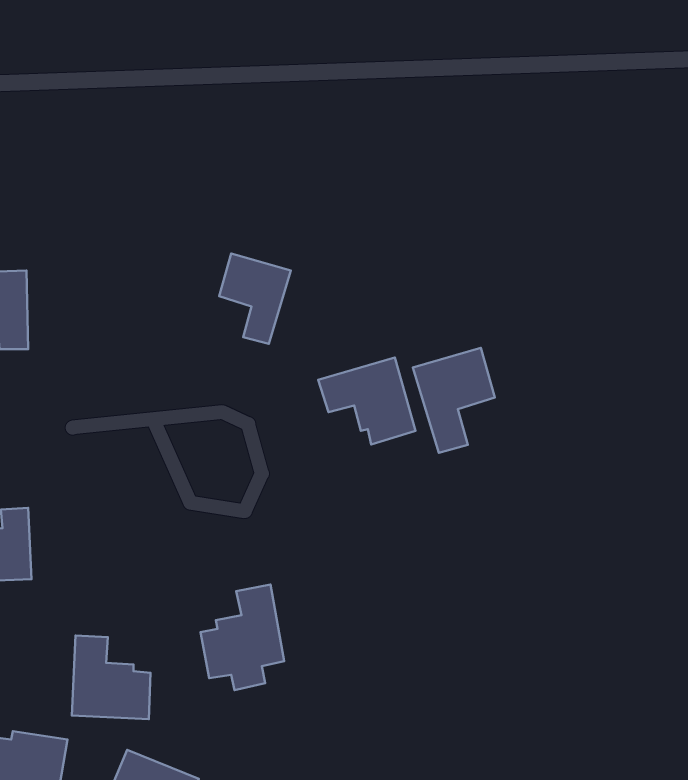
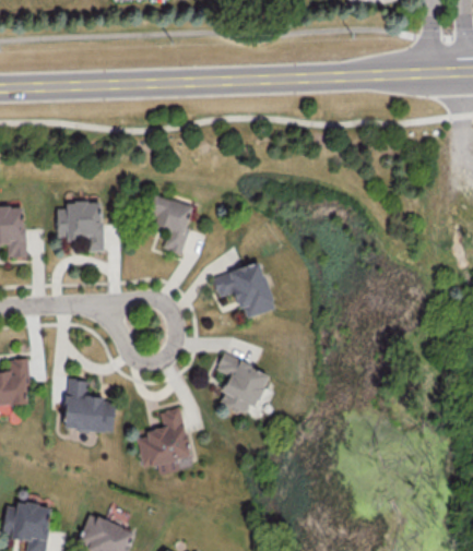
building: none -> [57,202,104,252]
building: [413,348,495,453] -> none
building: none -> [215,355,270,415]
building: [72,635,150,719] -> [64,379,115,432]

